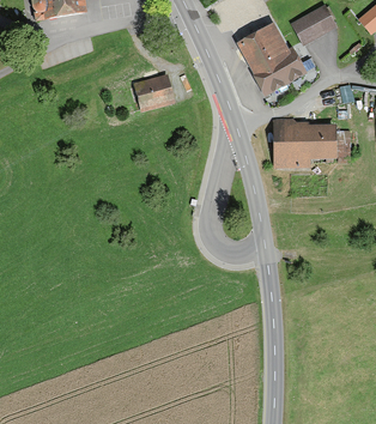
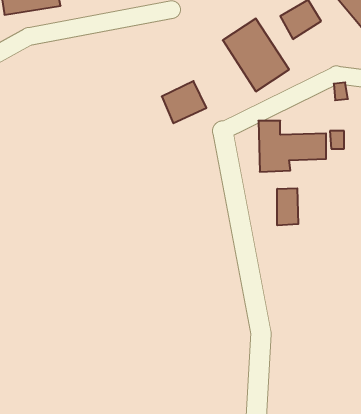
building: [131,75,172,115] -> [162,81,206,123]
building: none -> [277,188,298,225]

